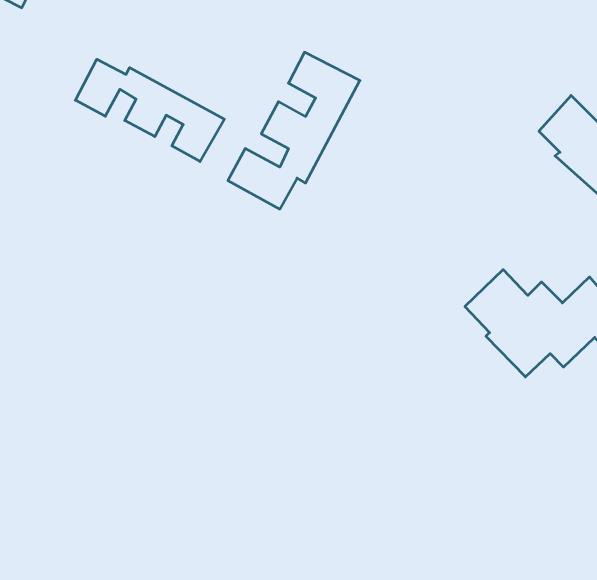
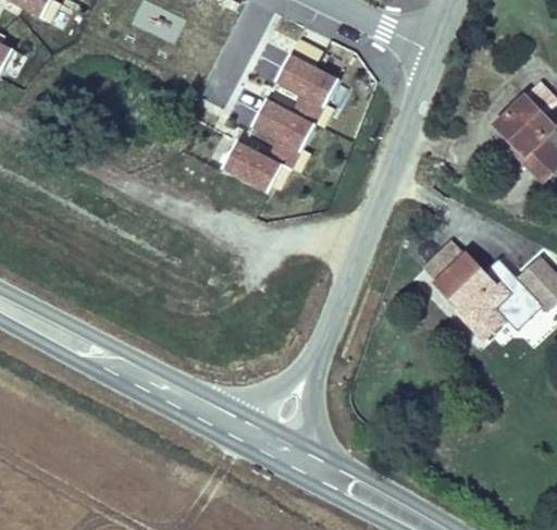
building: [75,59,224,162] -> none

